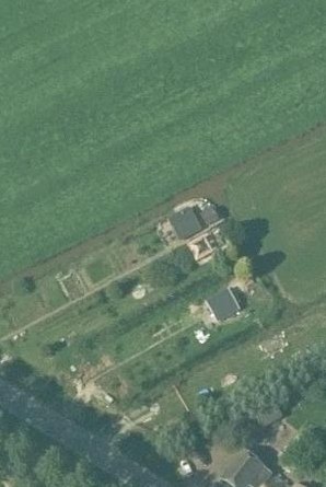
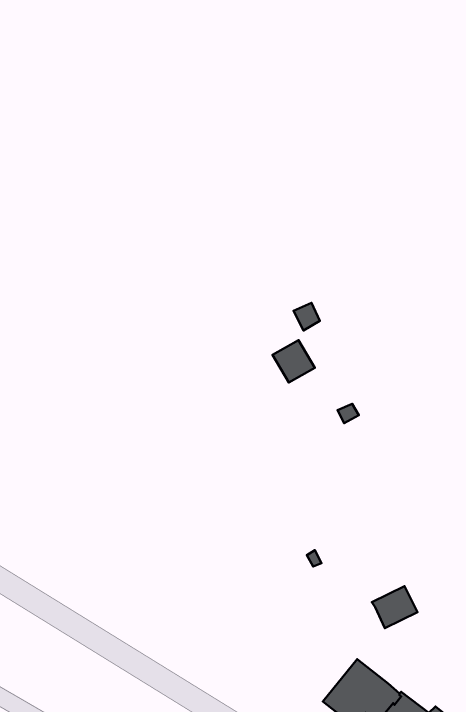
building: [168,206,201,240] -> none
building: [206,288,238,321] -> none

